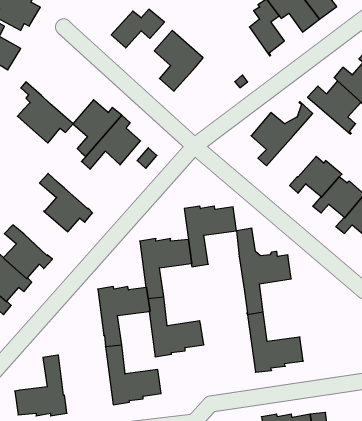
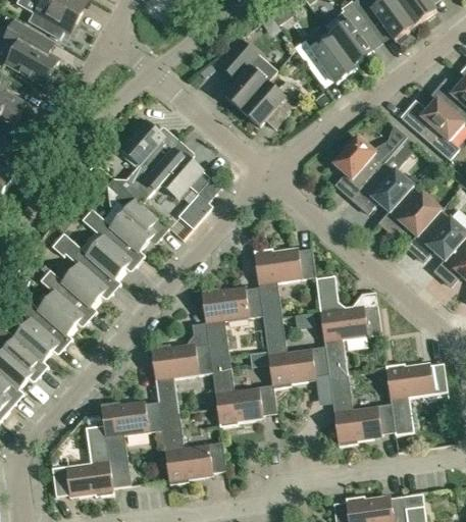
building: [111,9,164,48] -> [241,80,304,125]
building: none -> [294,34,355,83]
building: [17,82,73,143] -> [102,177,168,250]
building: none -> [351,163,413,212]
building: none -> [178,194,211,227]
building: none -> [52,233,120,306]
building: none -> [262,316,328,387]
building: none -> [384,362,447,434]
building: none -> [100,401,161,486]

